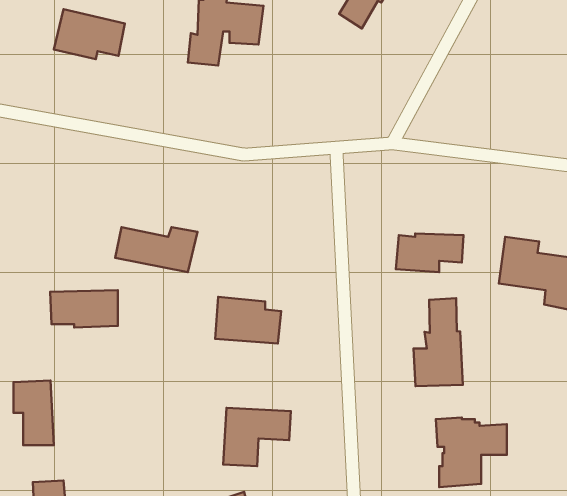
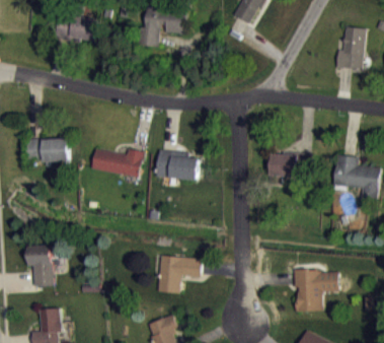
building: none -> [334,26,368,68]
building: [50,290,118,327] -> [27,138,70,161]
building: [215,297,281,344] -> [156,149,198,179]
building: [414,298,463,386] -> none

